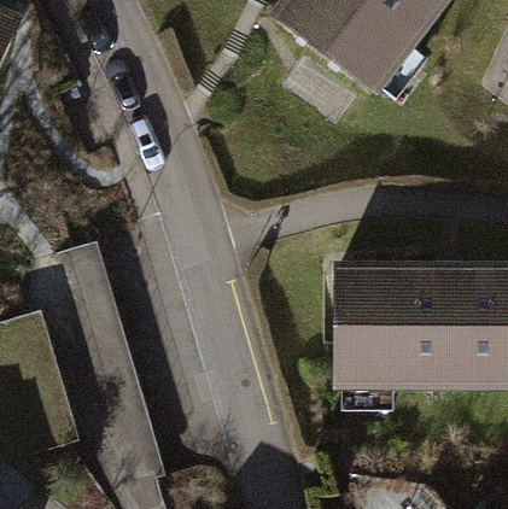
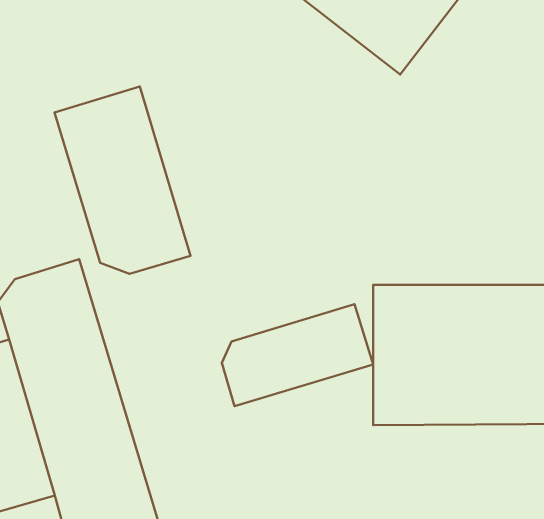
building: none -> [54,86,191,274]
building: none -> [222,304,373,406]

